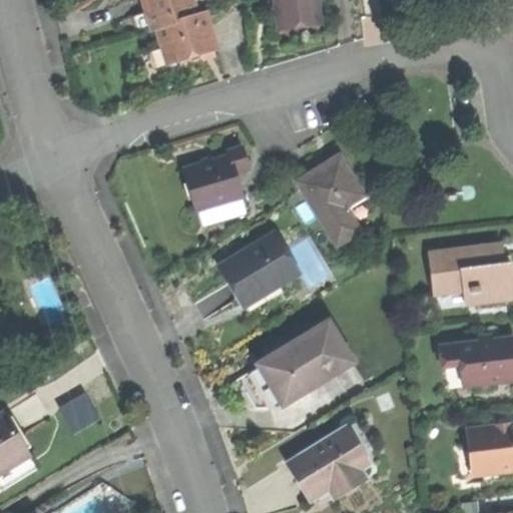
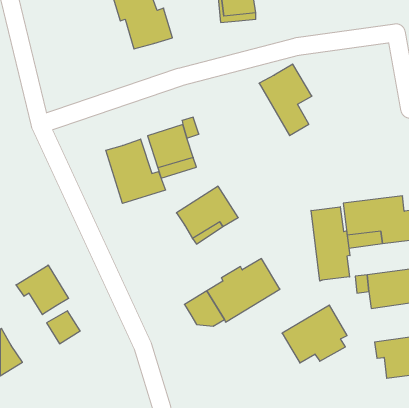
building: [299,155,365,244] -> [259,64,312,136]
building: none -> [106,139,165,203]
building: none -> [311,207,350,281]
building: none -> [16,265,69,315]
building: [287,427,368,499] -> [282,305,347,363]

